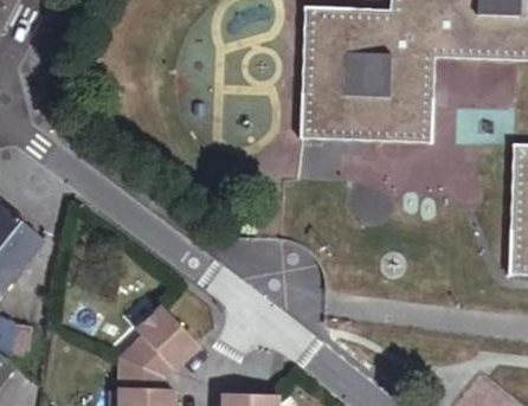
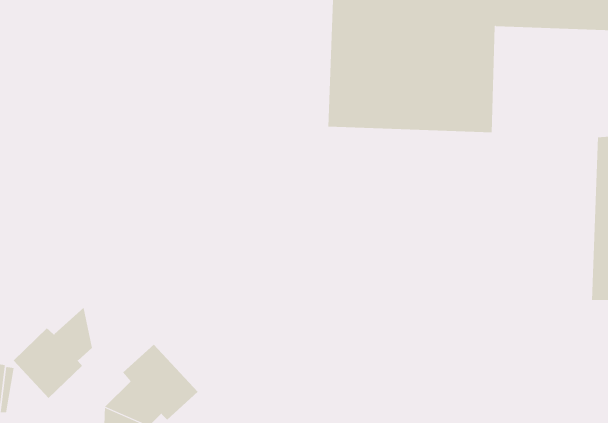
building: none -> [13,307,93,399]

